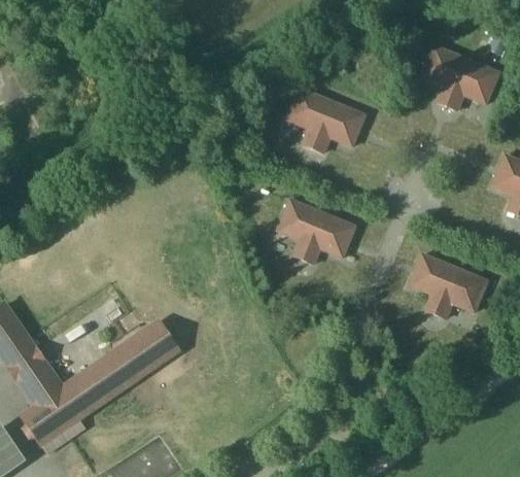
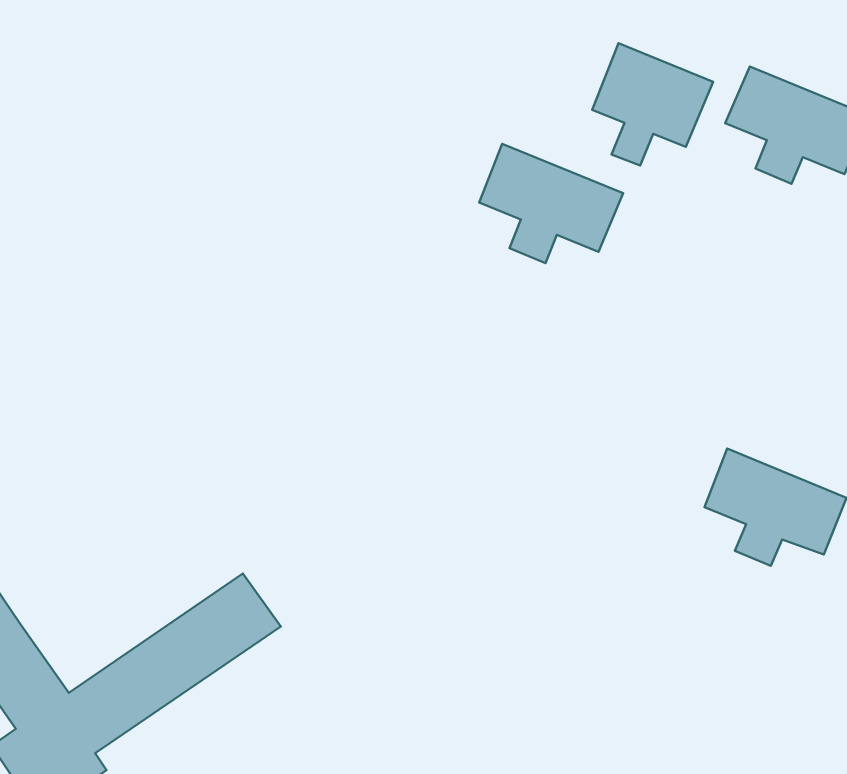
building: none -> [592,43,713,166]
building: [277,198,354,263] -> none

